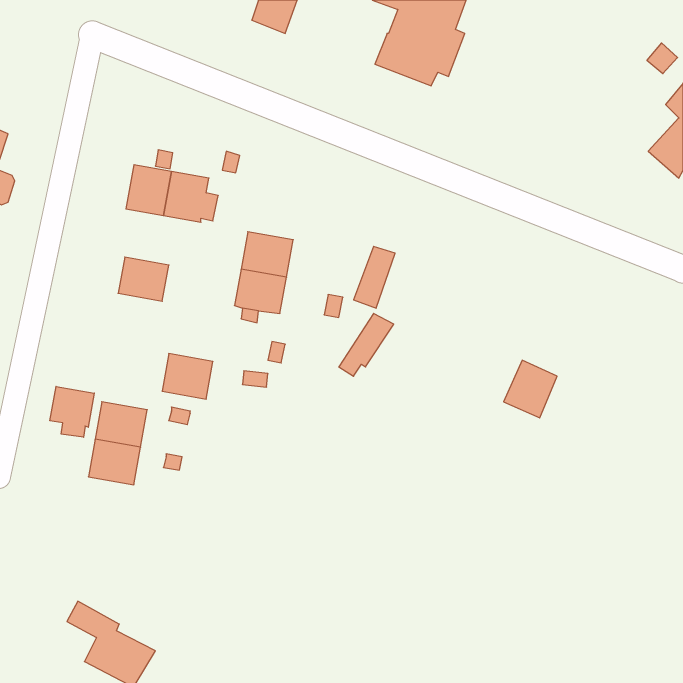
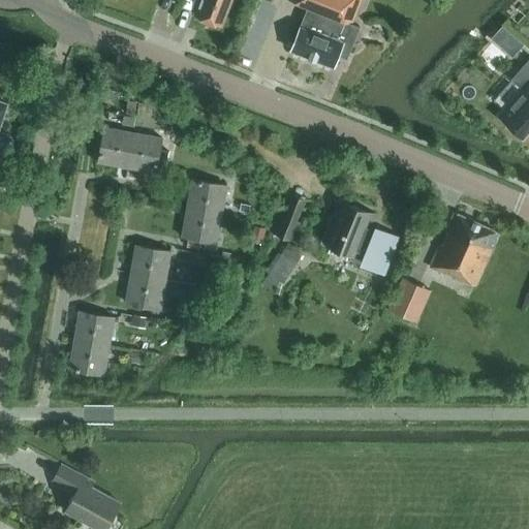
building: [118,257,169,301] -> [130,246,169,280]
building: none -> [320,200,399,266]
building: none -> [429,214,498,286]
building: [50,386,94,437] -> none

